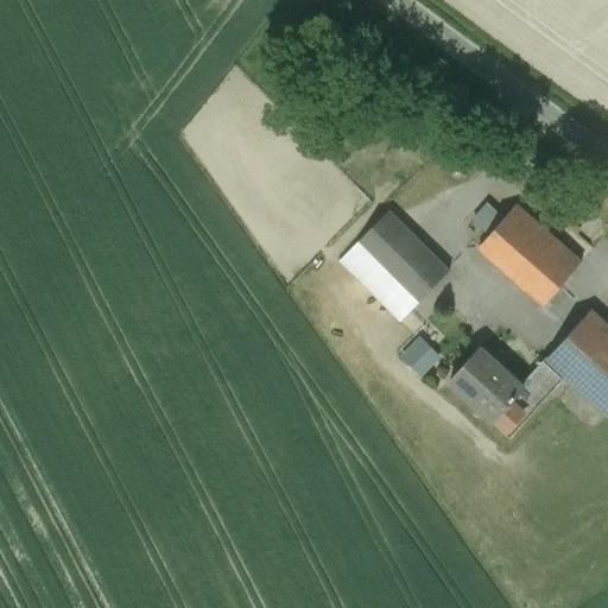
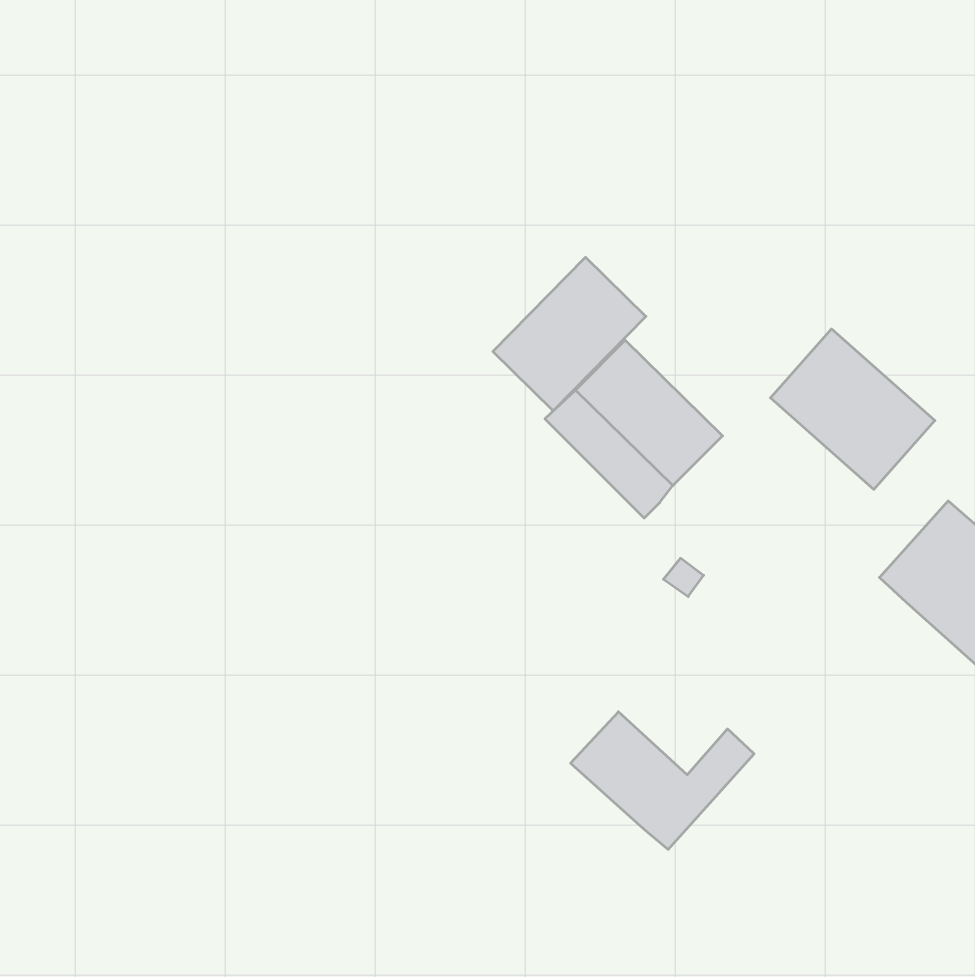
building: none -> [493,257,646,411]
building: [450,348,564,433] -> [571,712,754,849]

